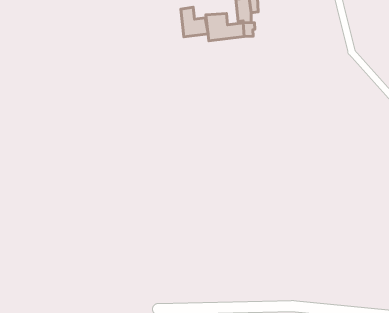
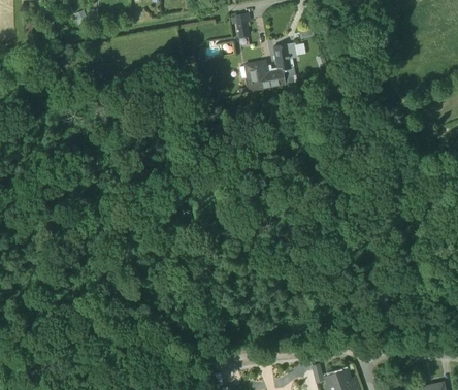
building: [181,7,208,37] -> none

